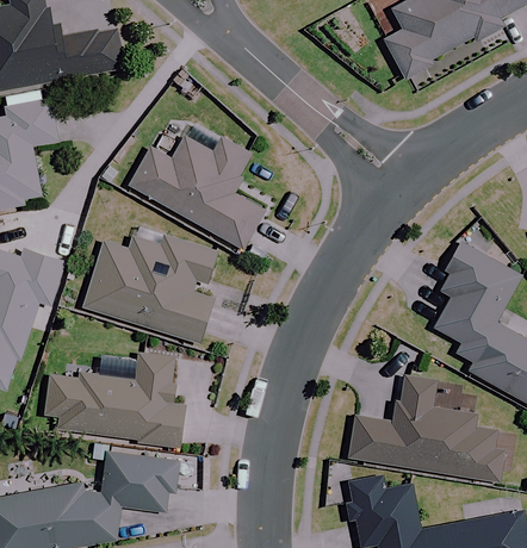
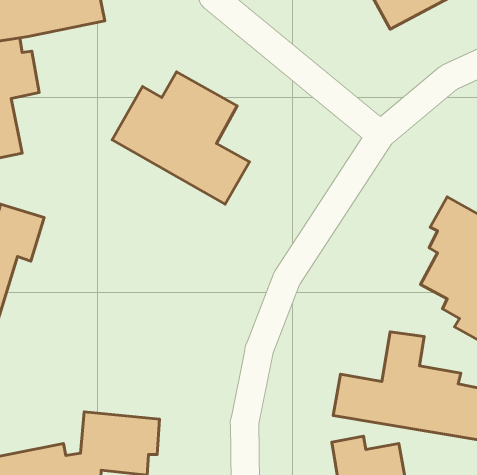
building: [83,222,221,343] -> none
building: [44,351,188,449] -> none

